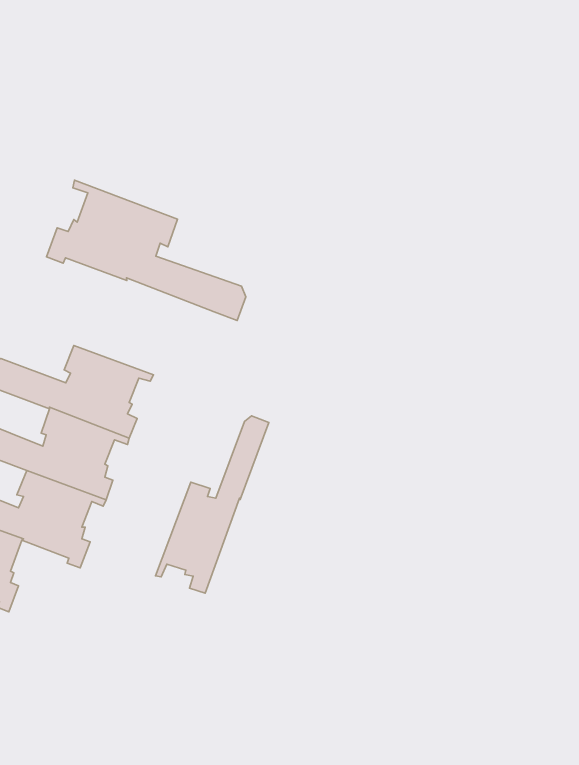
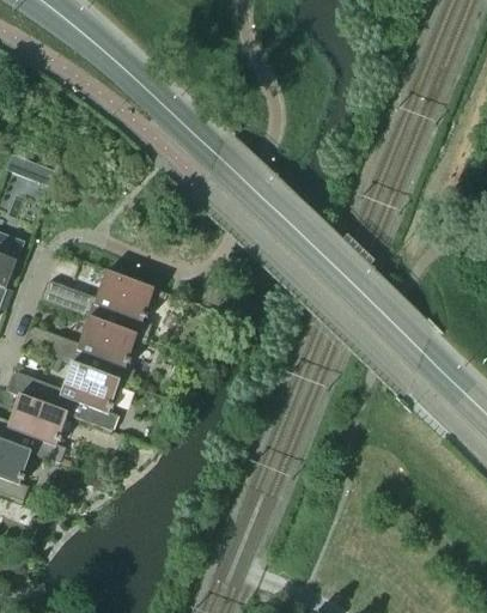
building: [46,180,246,321] -> none
building: [156,416,269,593] -> none

